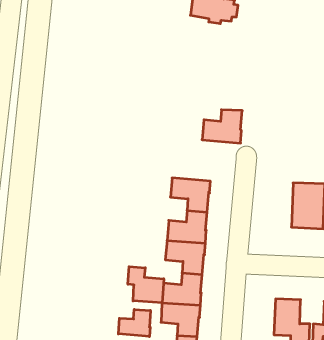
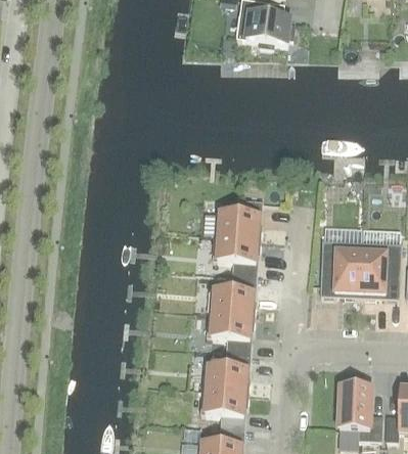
building: [202,110,242,143] -> [214,198,263,239]
building: none -> [320,239,362,296]
building: [128,267,164,303] -> none
building: [118,309,150,337] -> none

